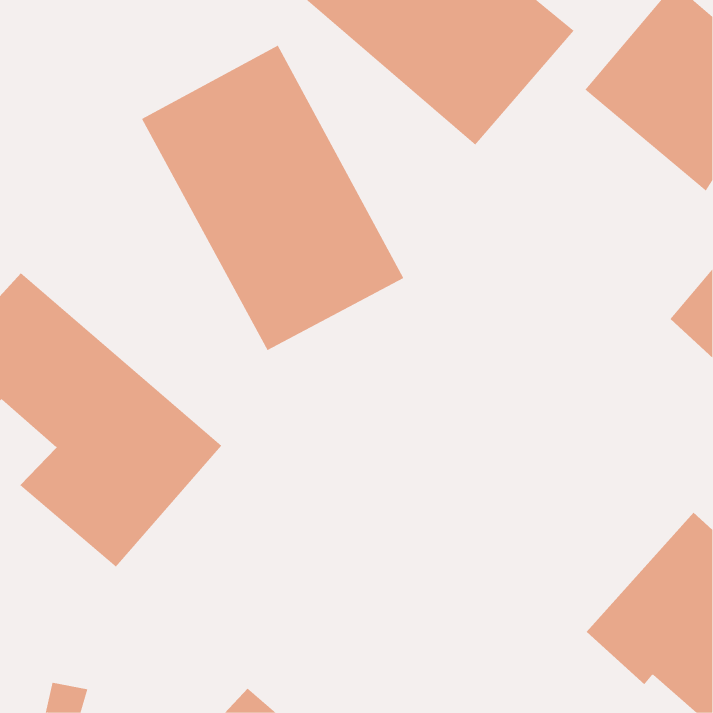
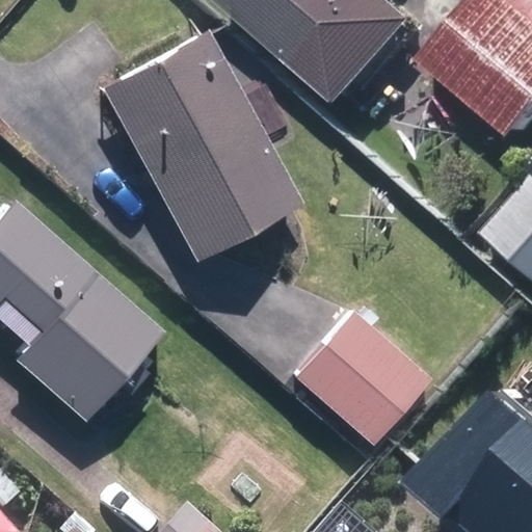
building: none -> [295,311,430,447]

